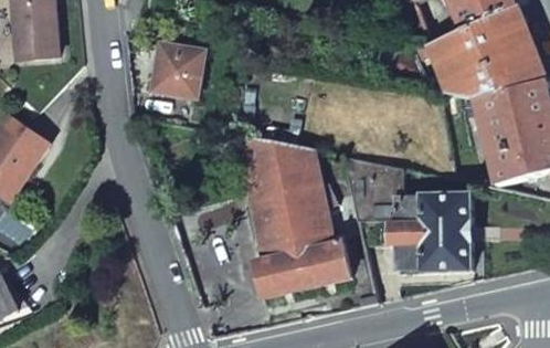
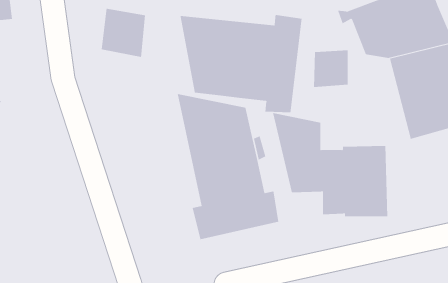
building: none -> [180,14,302,113]
building: none -> [314,50,348,88]

